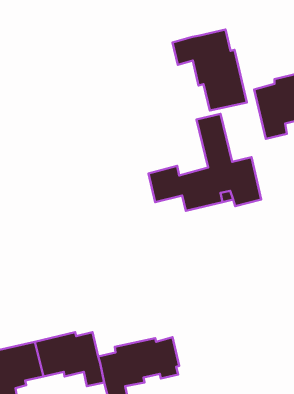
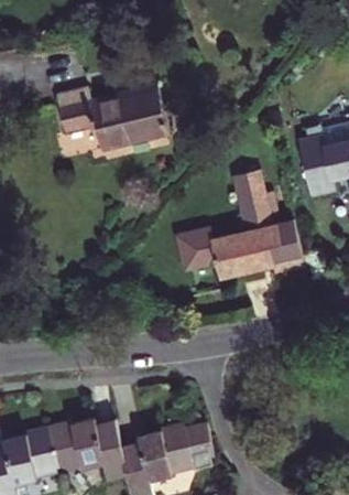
building: [172,30,247,110] -> none
building: none -> [56,85,170,148]

